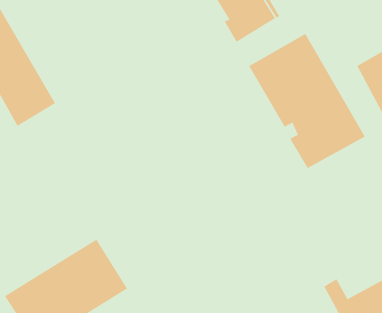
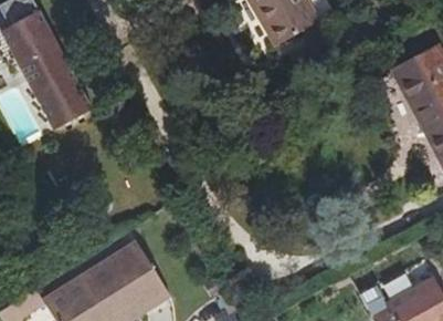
building: [249,33,366,169] -> none

